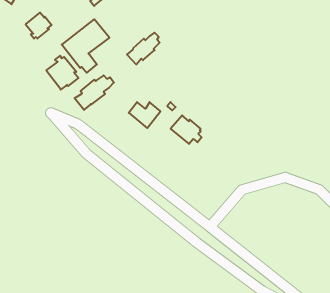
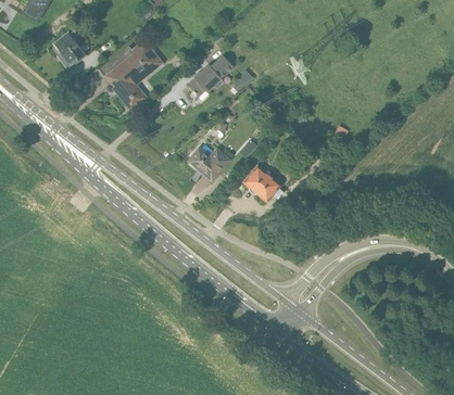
building: [46,56,78,90] -> none
building: [75,75,114,110] -> none

